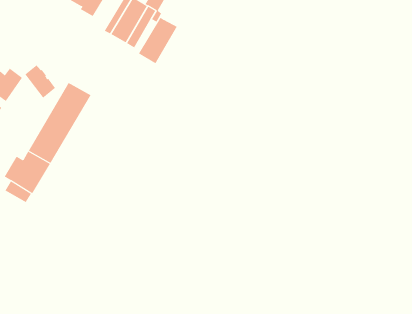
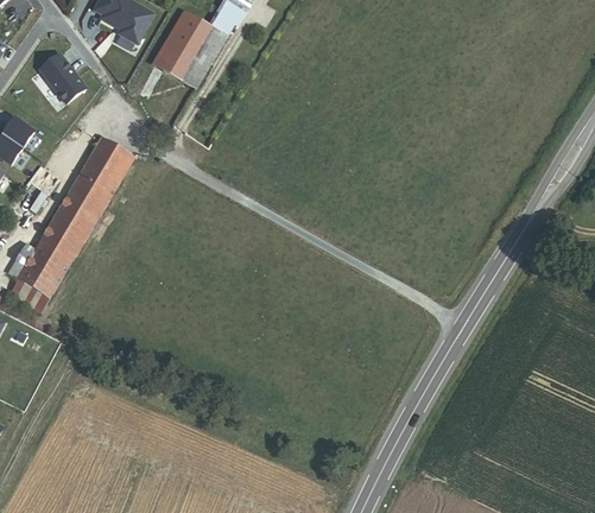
building: [138,17,177,64] -> none
building: [24,65,56,99] -> [39,53,84,102]

